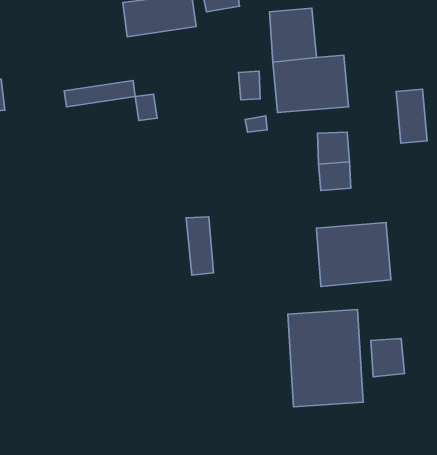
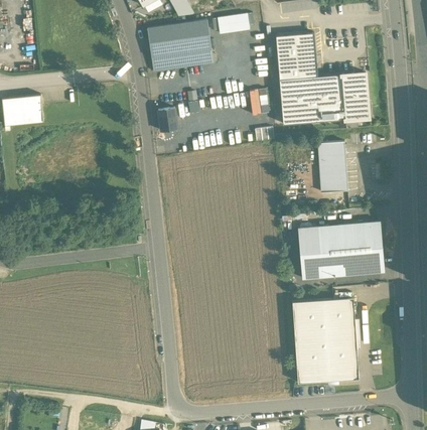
building: [64,80,135,107] -> [151,48,214,71]
building: [396,89,427,143] -> [341,71,369,119]
building: [186,217,214,275] -> [297,227,321,278]
building: [371,339,404,377] -> none

